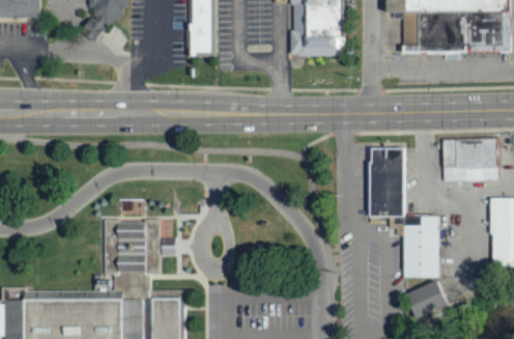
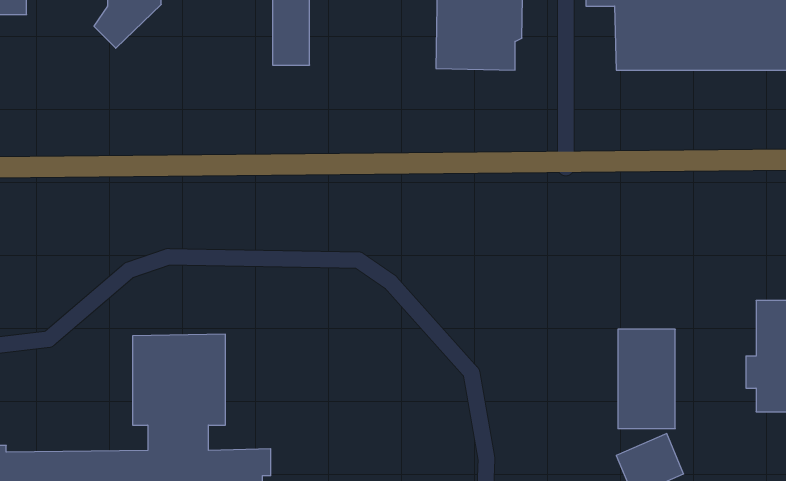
building: [440,138,496,180] -> none
building: [368,147,403,217] -> none

